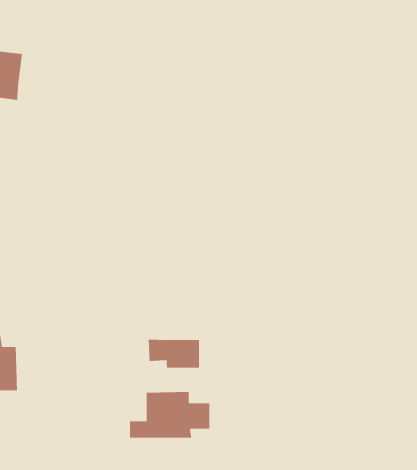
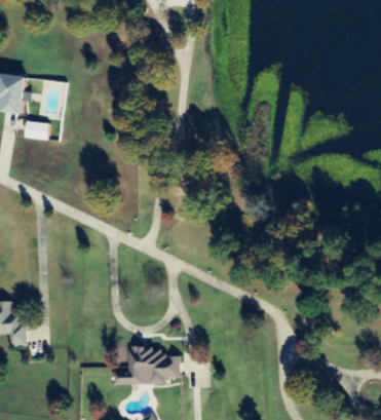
building: none -> [26,120,50,139]
building: [148,339,200,369] -> none

